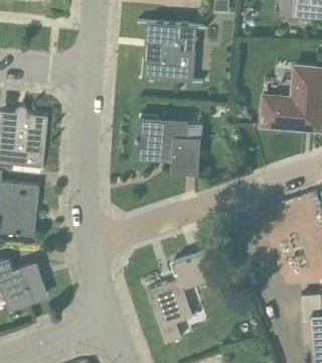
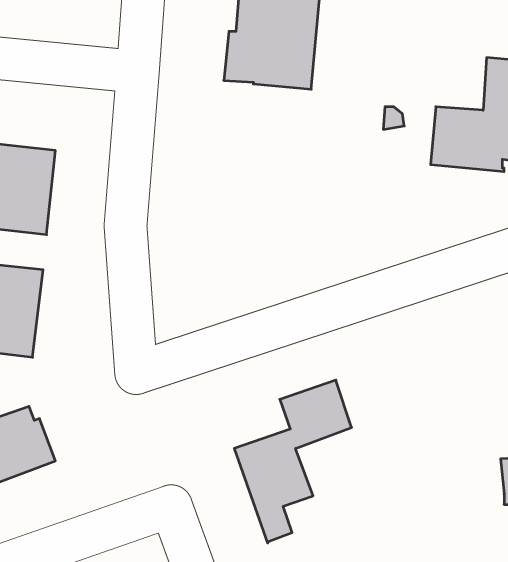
building: [136,119,201,174] -> none

